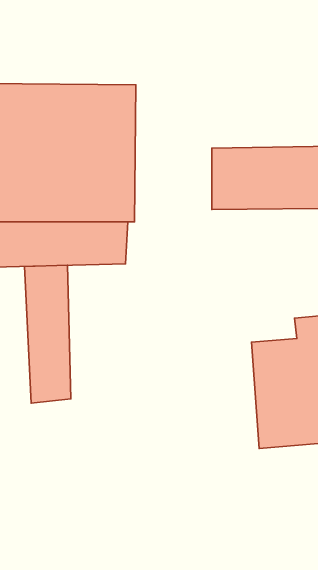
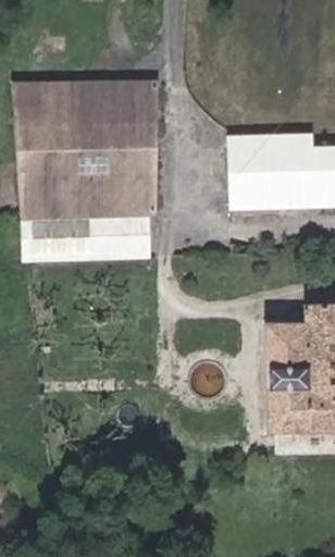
building: [25,265,71,403] -> none

